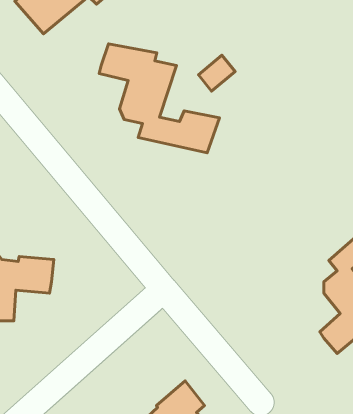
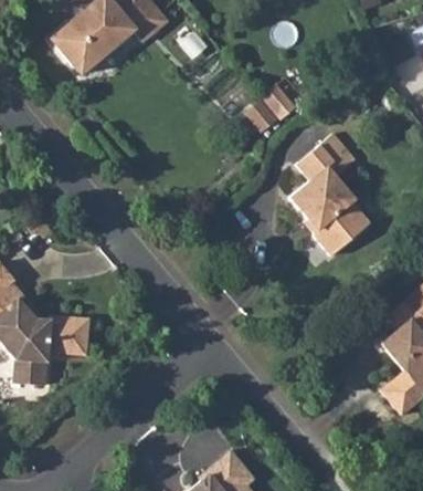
building: [99,44,220,153] -> none
building: none -> [289,143,372,253]

